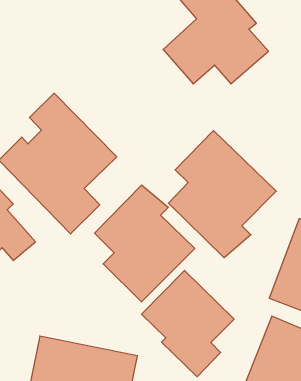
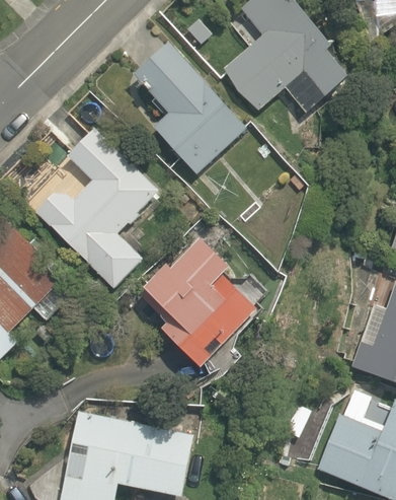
building: none -> [132,35,251,186]
building: [168,131,276,258] -> none
building: [142,270,234,377] -> none

